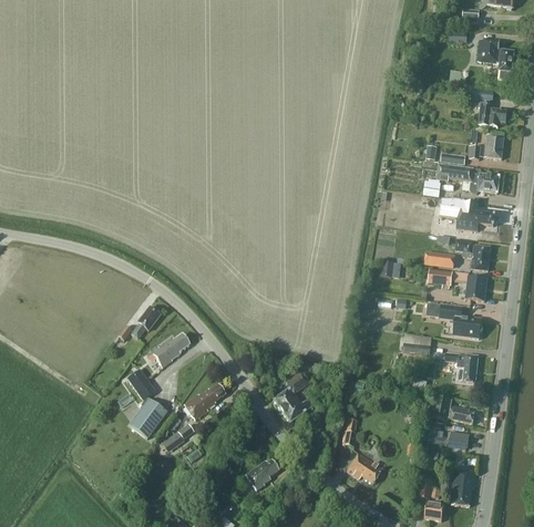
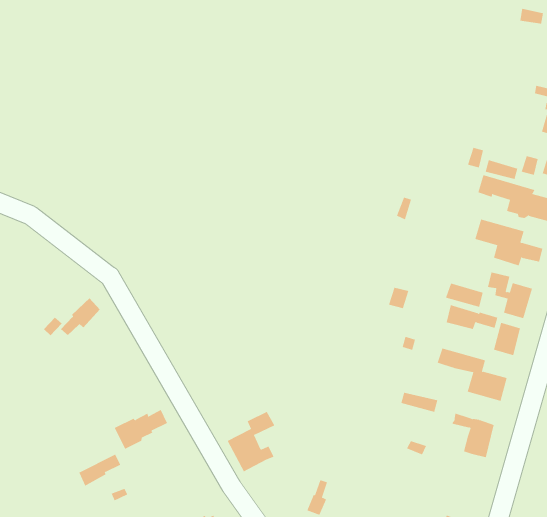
building: [151,332,189,366] -> none
building: [126,369,166,437] -> none
building: [432,396,474,423] -> none

